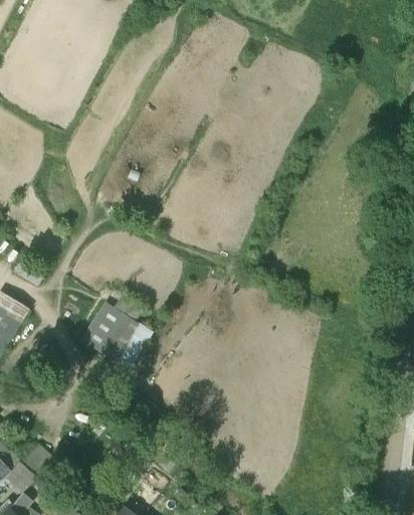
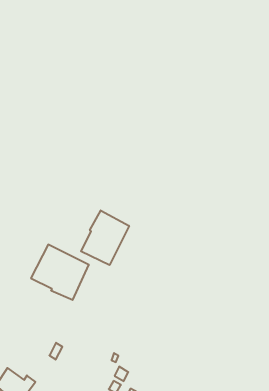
building: none -> [81,210,129,265]

